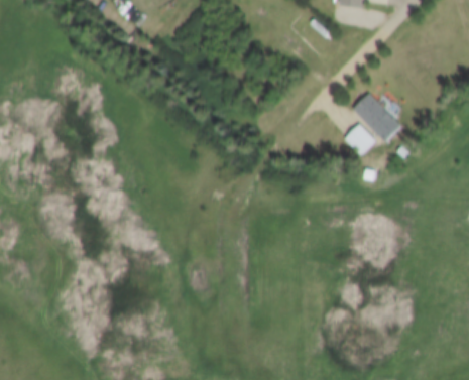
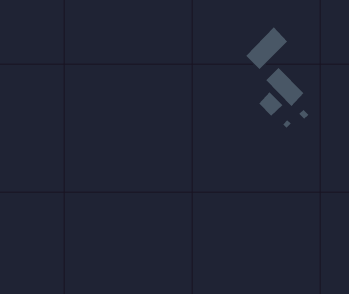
building: none -> [246,27,288,70]

